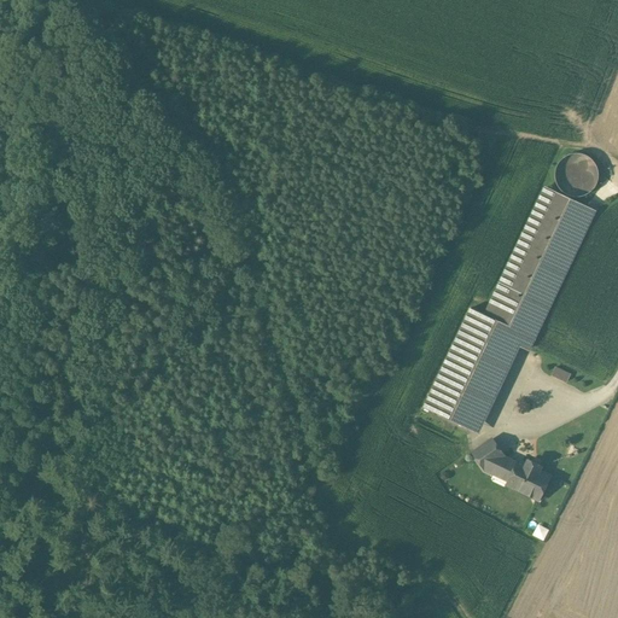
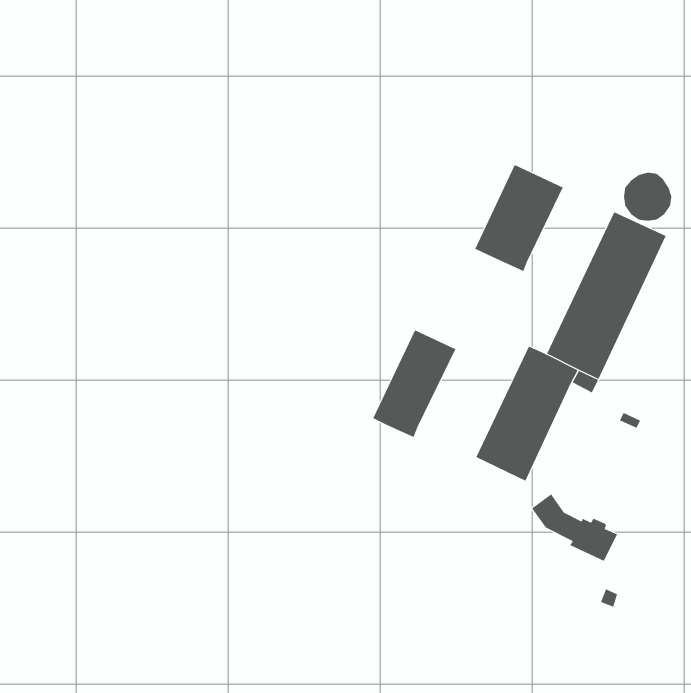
building: none -> [475,164,564,272]
building: none -> [372,330,456,438]

